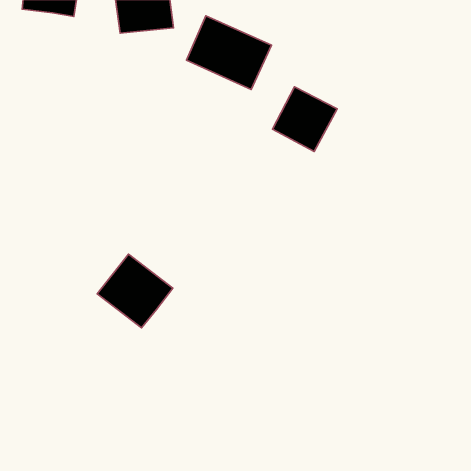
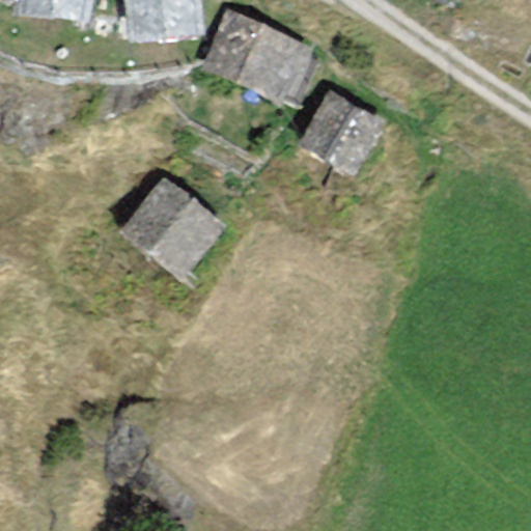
building: [97,254,173,328] -> [132,187,217,270]

